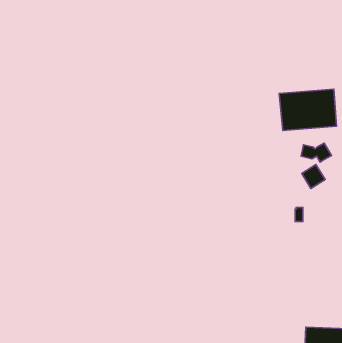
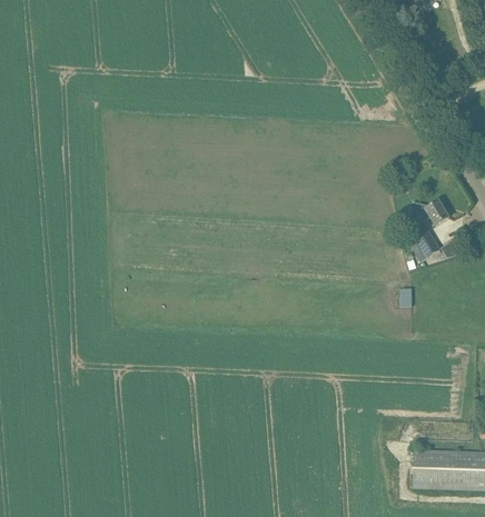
building: [279,89,337,130] -> none

